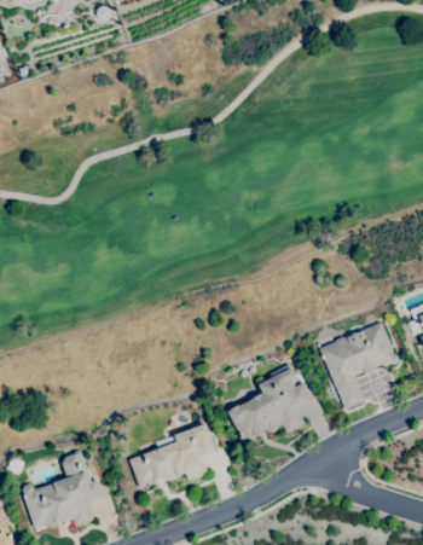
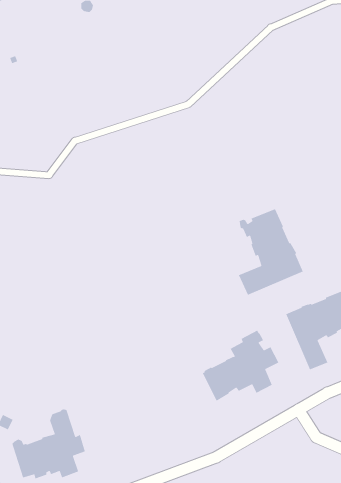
building: none -> [238,208,304,296]
building: [129,422,218,488] -> none

